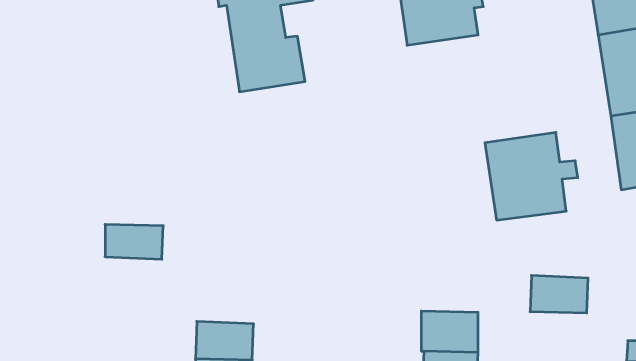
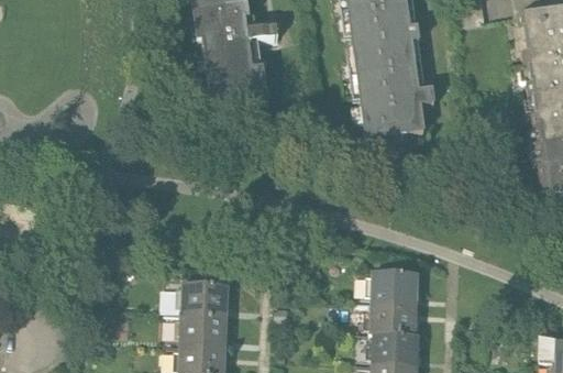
building: [485,132,578,220] -> [357,64,437,139]
building: [105,224,163,259] -> [178,281,228,310]
building: [530,275,588,313] -> [369,268,419,300]

